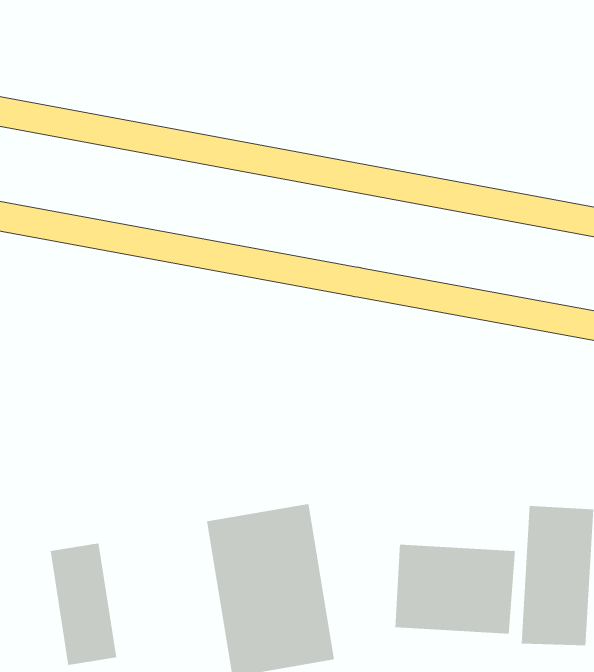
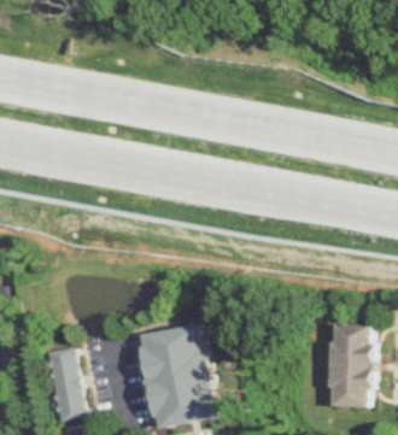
building: [395,544,515,634] -> none

